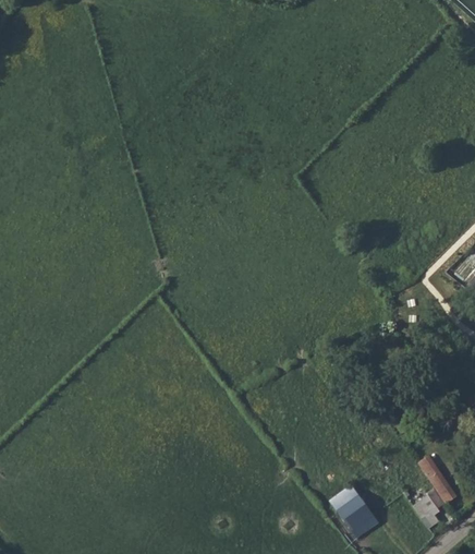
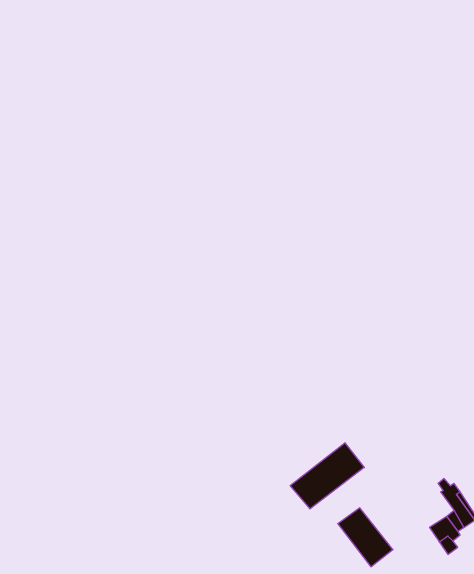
building: none -> [290,443,364,509]

